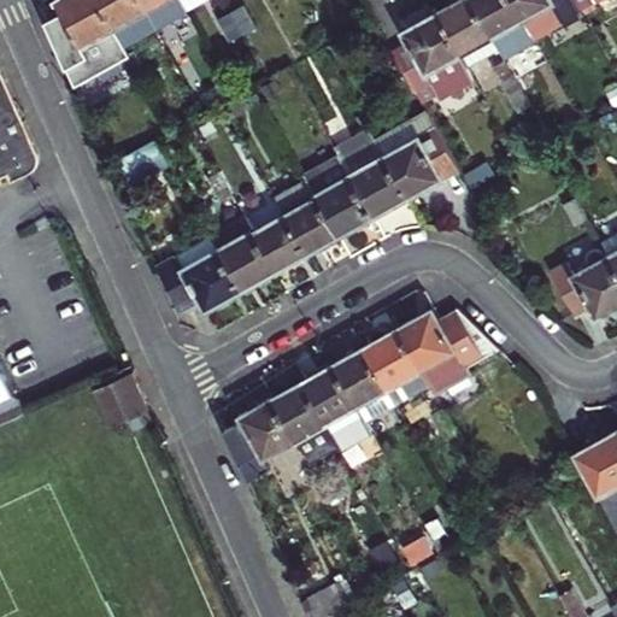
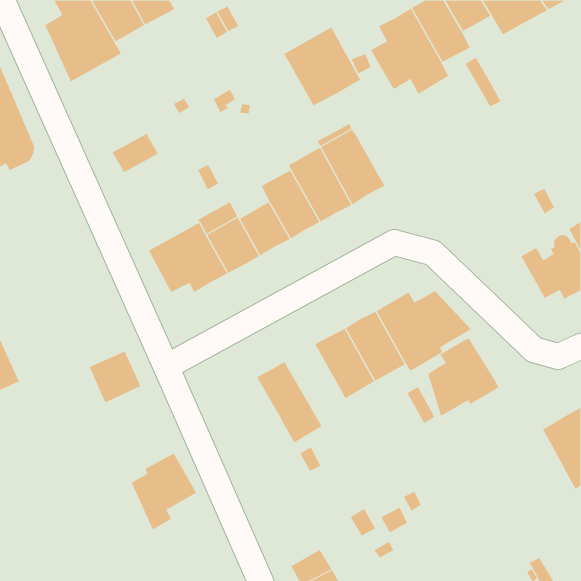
building: [376,113,458,198] -> [284,26,361,106]
building: none -> [427,337,499,417]
building: [301,365,374,457] -> none
building: [225,400,295,482] -> [131,453,197,530]

